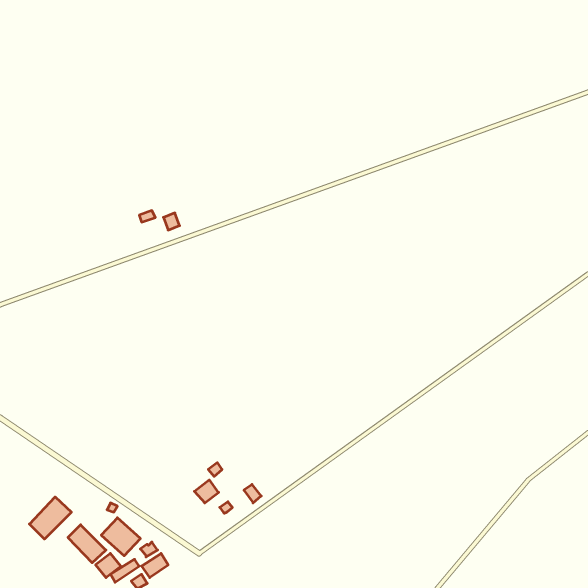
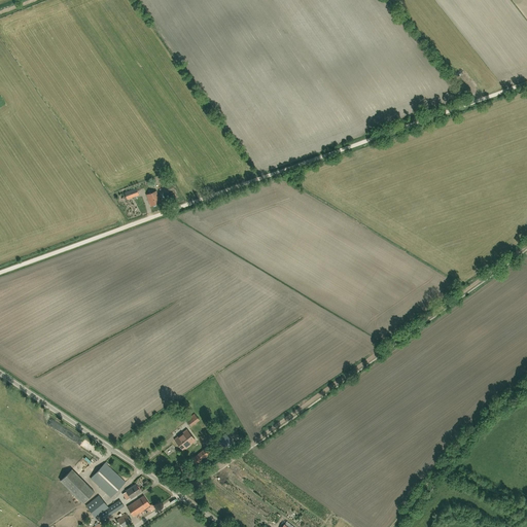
building: [29,497,71,539] -> none

